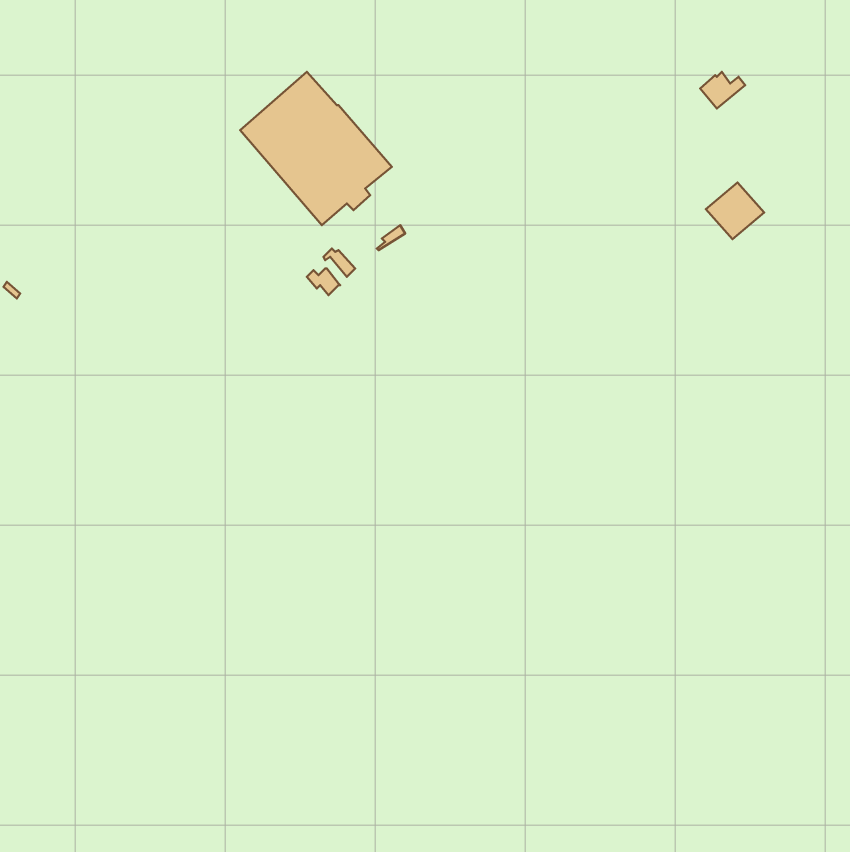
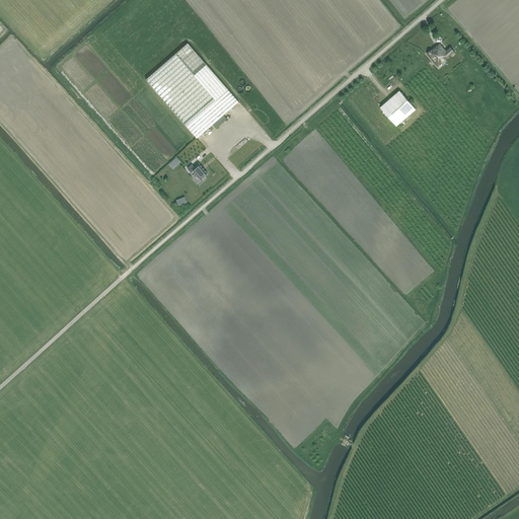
building: [706,183,764,239] -> [379,92,415,127]

